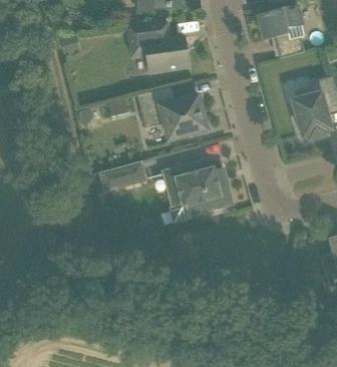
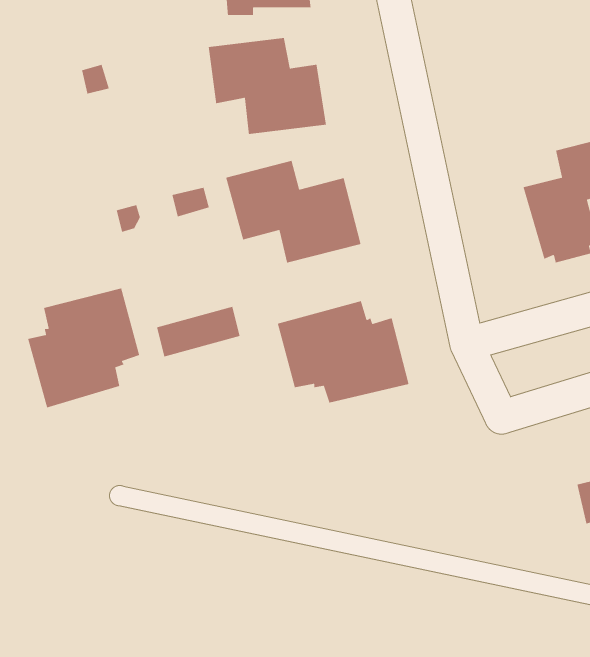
building: [259,6,305,57] -> none
building: none -> [27,287,140,408]

